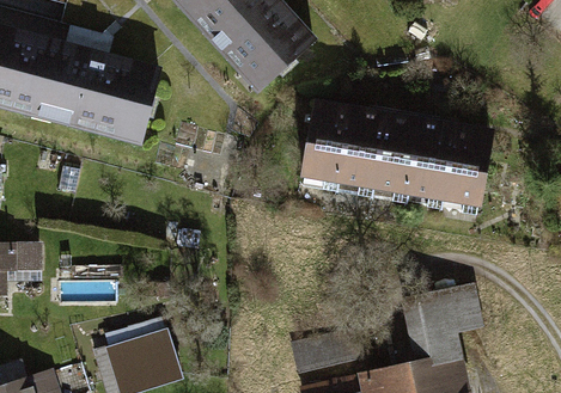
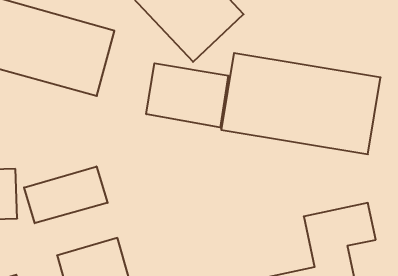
building: none -> [146,63,228,128]
building: none -> [24,166,108,223]

